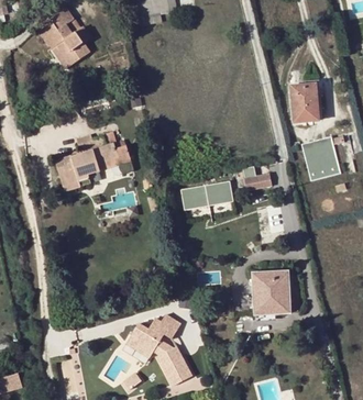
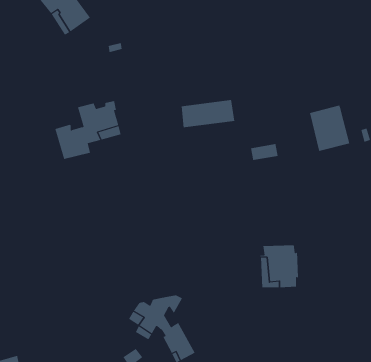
building: [292,85,318,123] -> none
building: [183,180,235,208] -> [181,99,235,128]

